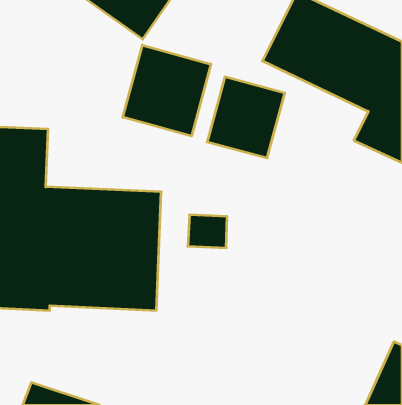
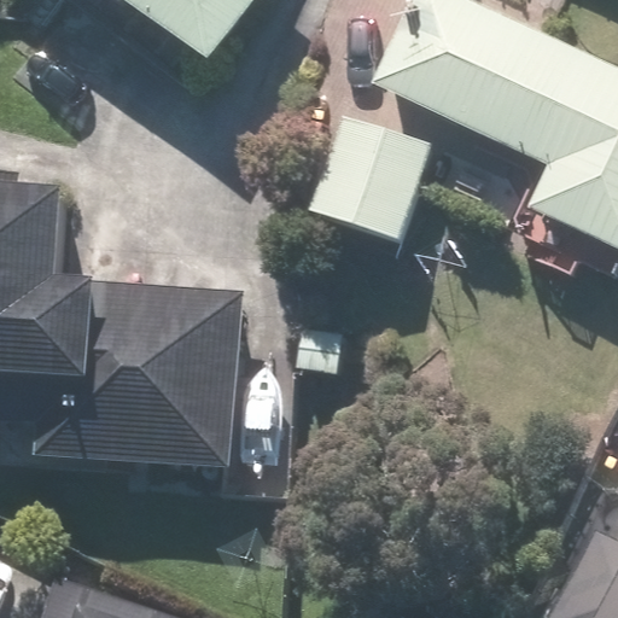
building: [123,45,211,136] -> none

